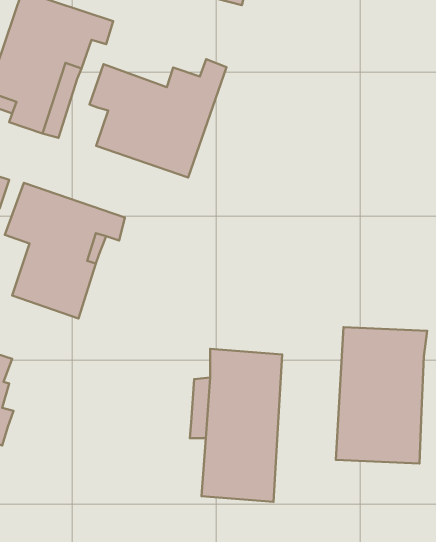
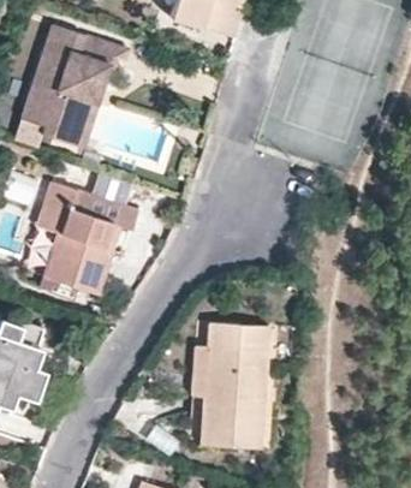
building: [90,59,227,177] -> none
building: [336,327,427,463] -> none

